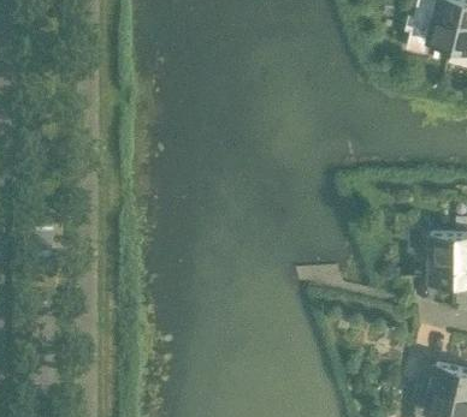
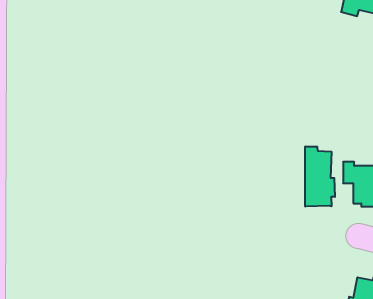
building: none -> [305,146,335,207]

